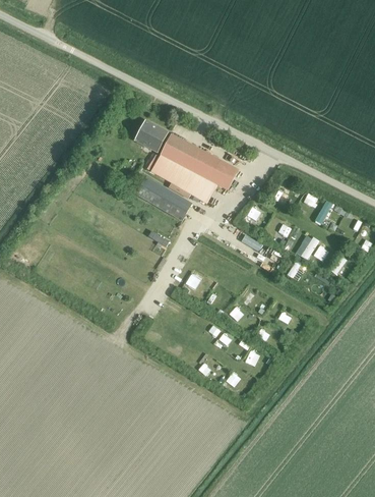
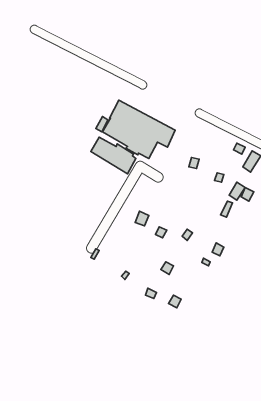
building: [133,120,167,153] -> none

